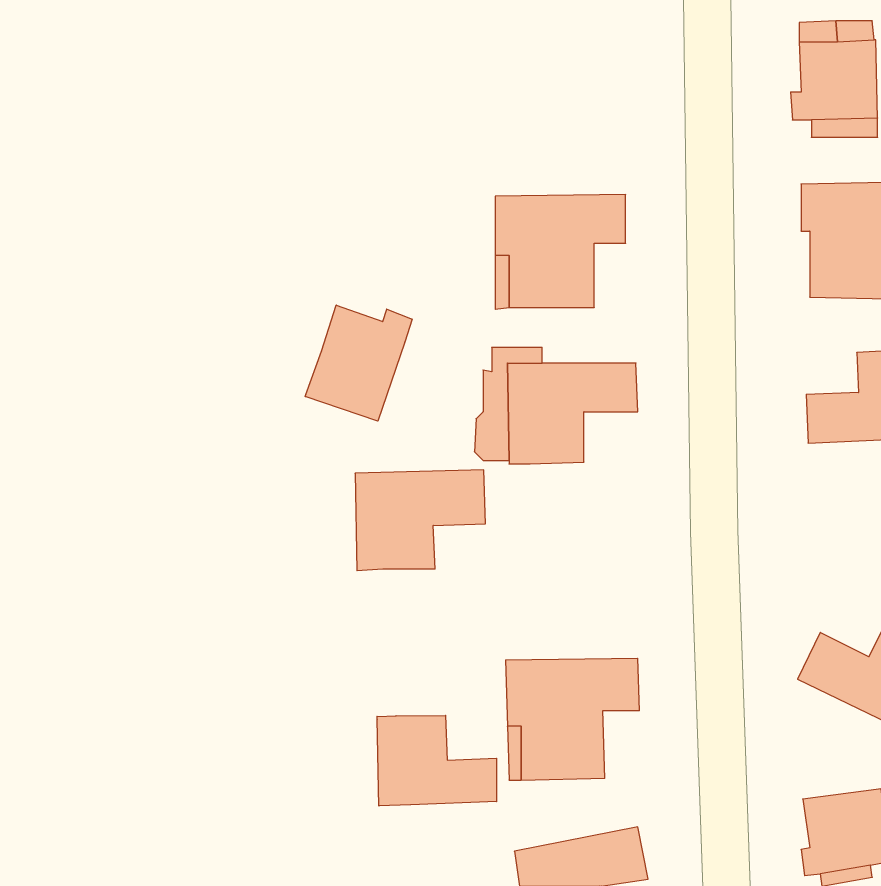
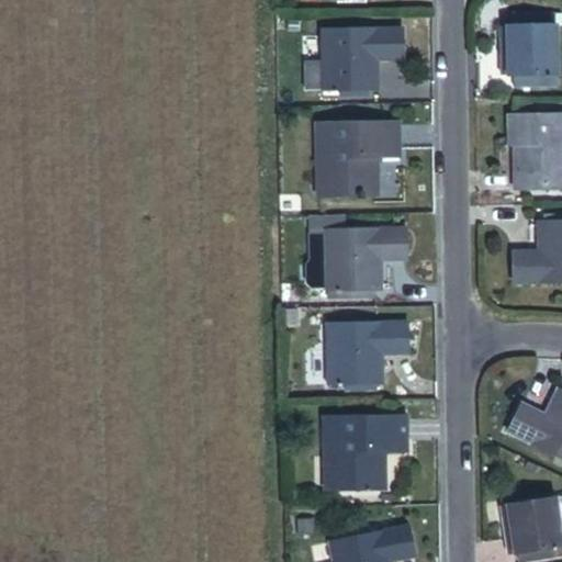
building: none -> [324,27,404,89]
building: [305,305,412,421] -> none
building: [355,470,485,571] -> [326,323,408,386]
building: [377,715,497,806] -> none

